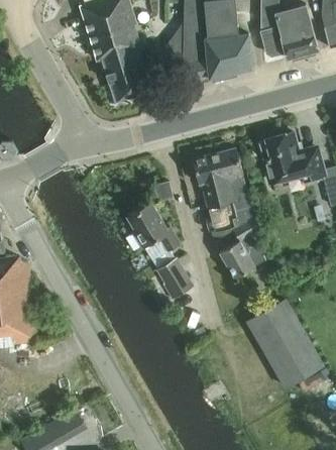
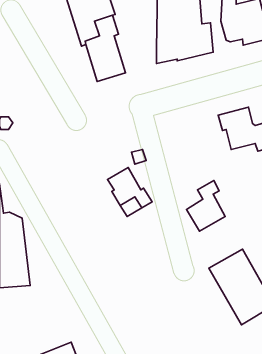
building: [193,147,253,239] -> none
building: [156,257,194,298] -> none

